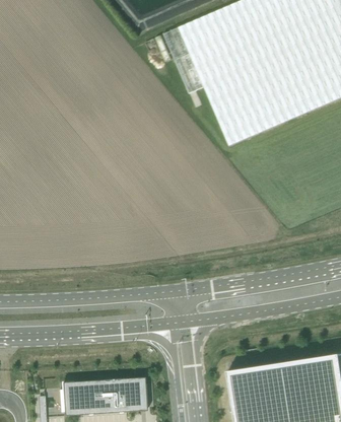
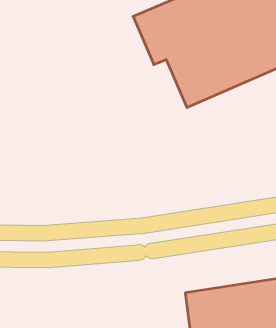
building: [63,378,145,411] -> none

